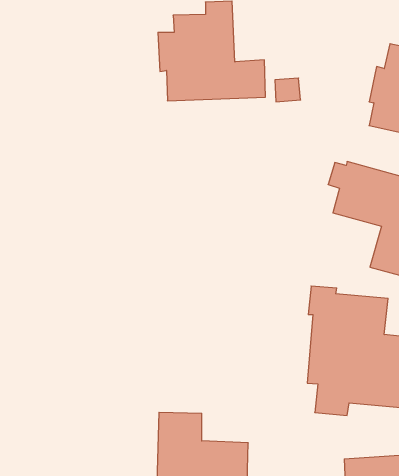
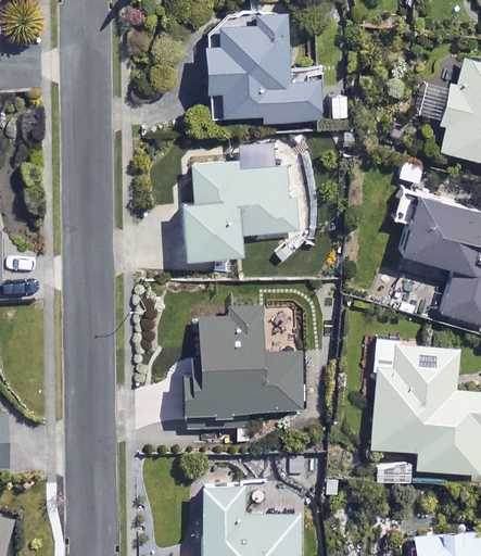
building: none -> [179,162,299,255]
building: none -> [182,306,306,430]

